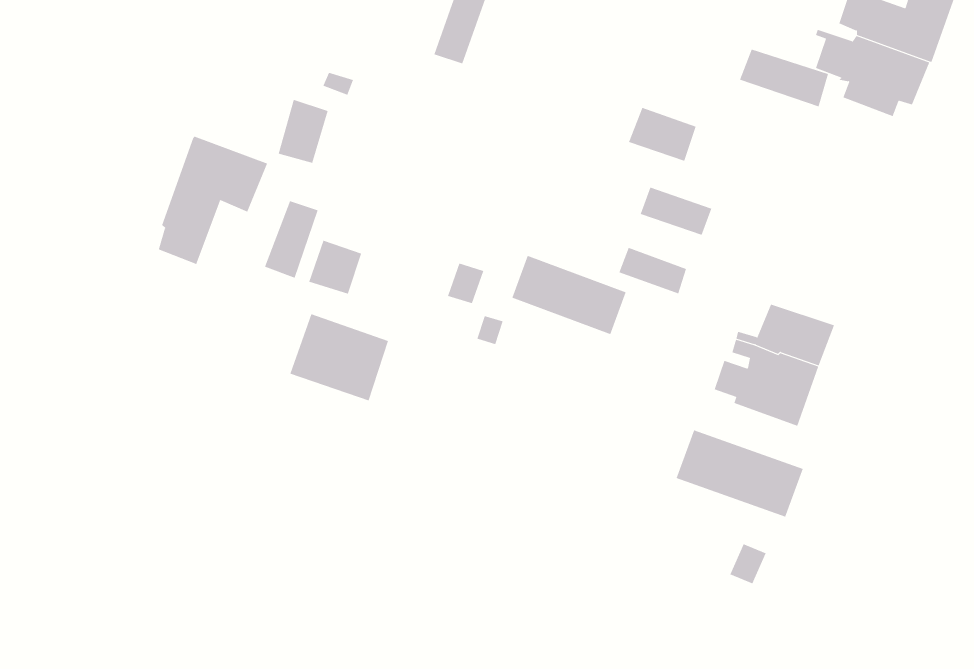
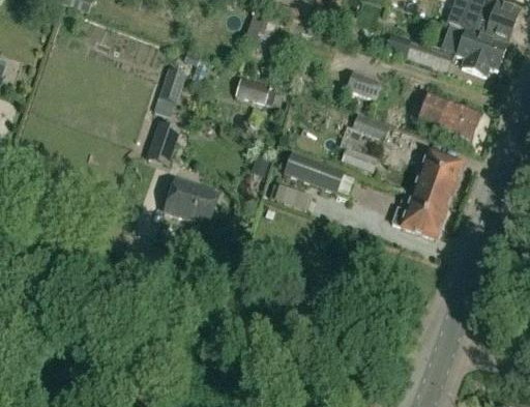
building: none -> [234,76,282,107]
building: [158,136,268,265] -> none
building: none -> [415,94,479,143]
building: [309,240,362,294] -> none
building: none -> [420,152,462,185]
building: [676,430,803,518] -> none

